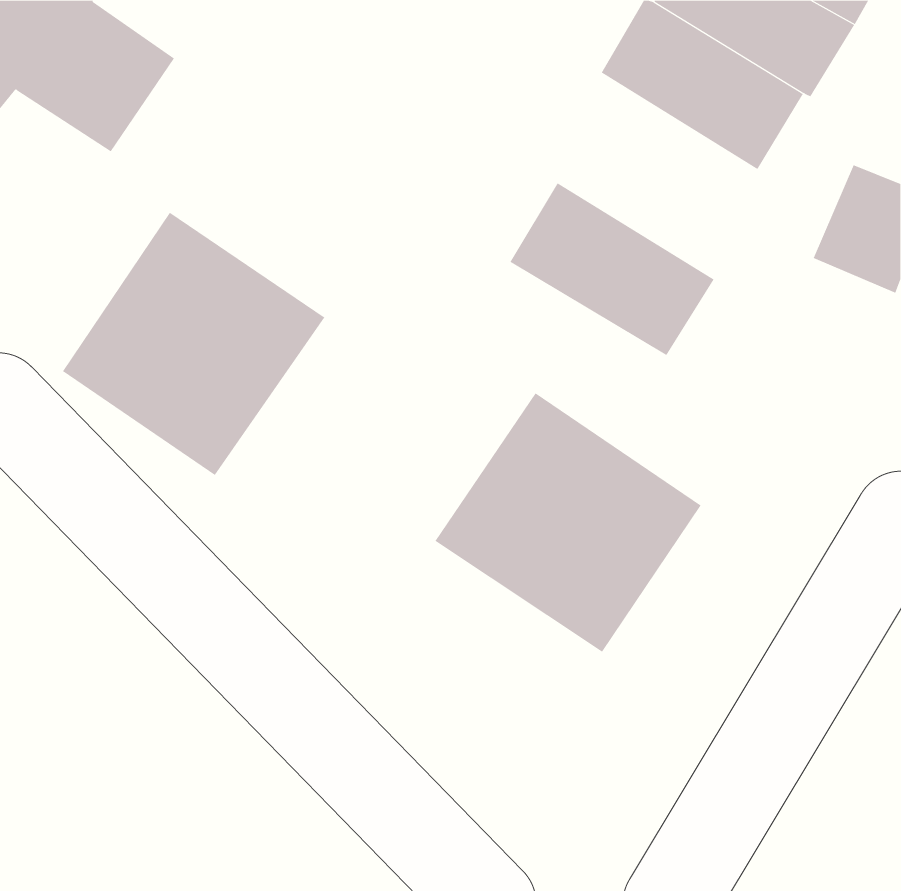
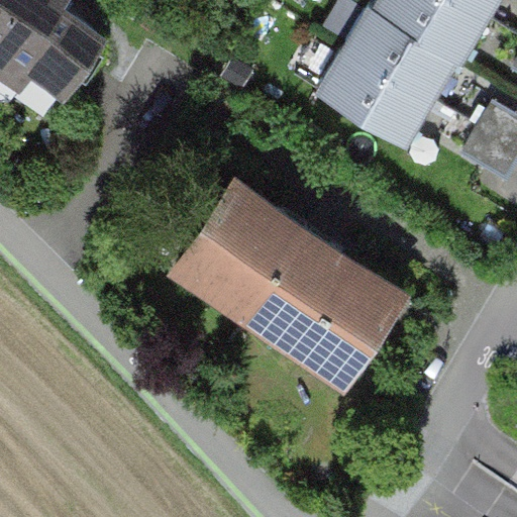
building: [510,182,715,356] -> [316,48,433,147]
building: [62,212,325,476] -> none
building: none -> [177,183,306,316]

